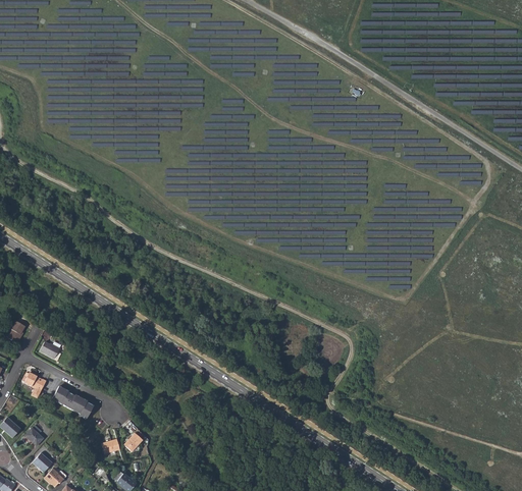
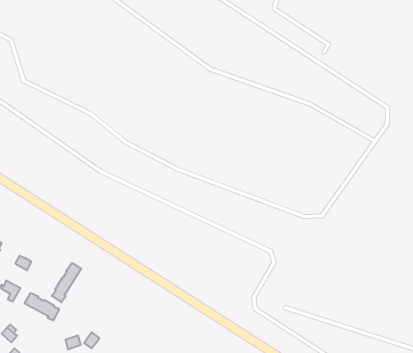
building: none -> [52,263,81,302]

